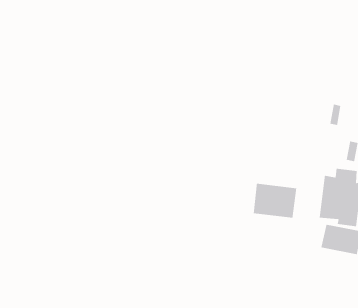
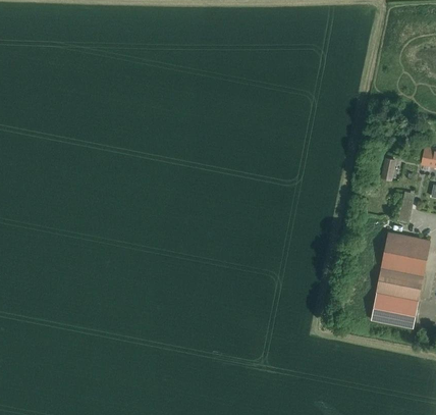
building: [253,183,297,219] -> none

